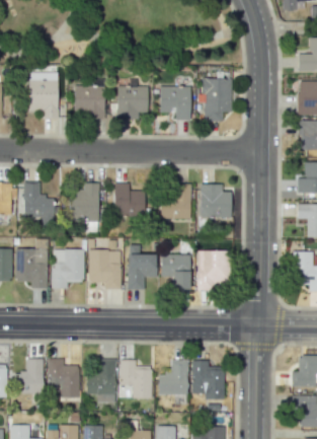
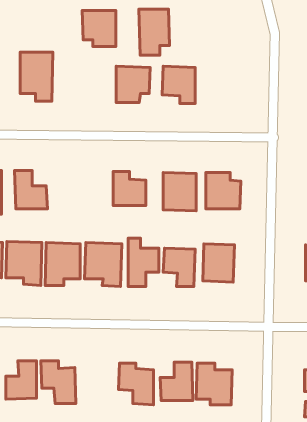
building: [204,78,232,121] -> [139,9,170,55]
building: [74,85,105,119] -> [82,10,116,47]
building: [69,182,99,220] -> none
building: [86,358,116,403] -> none

